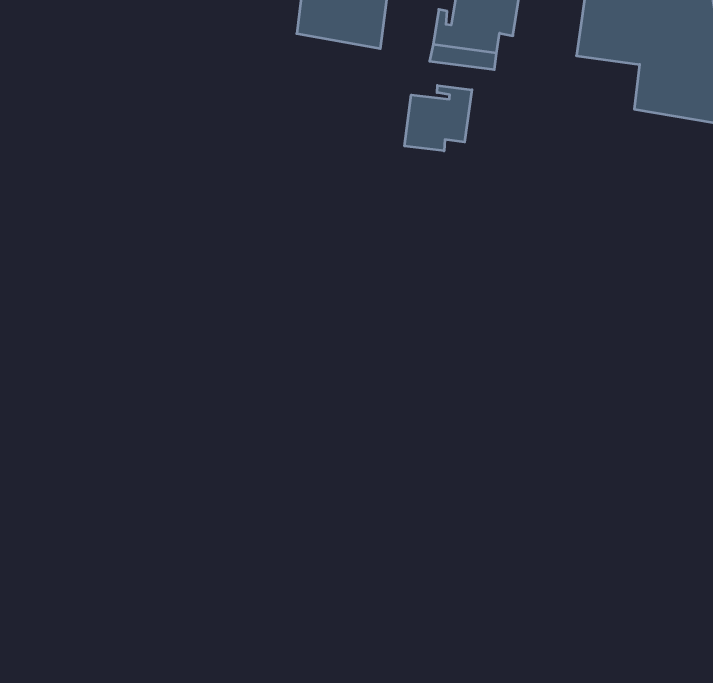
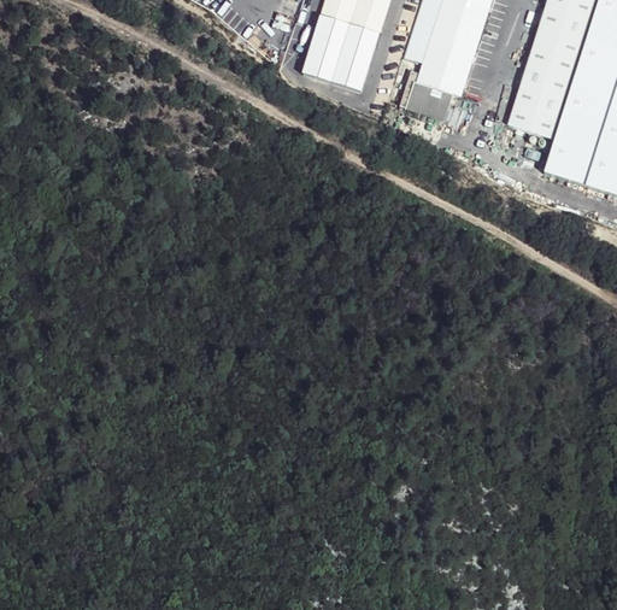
building: [405,85,472,151] -> none

